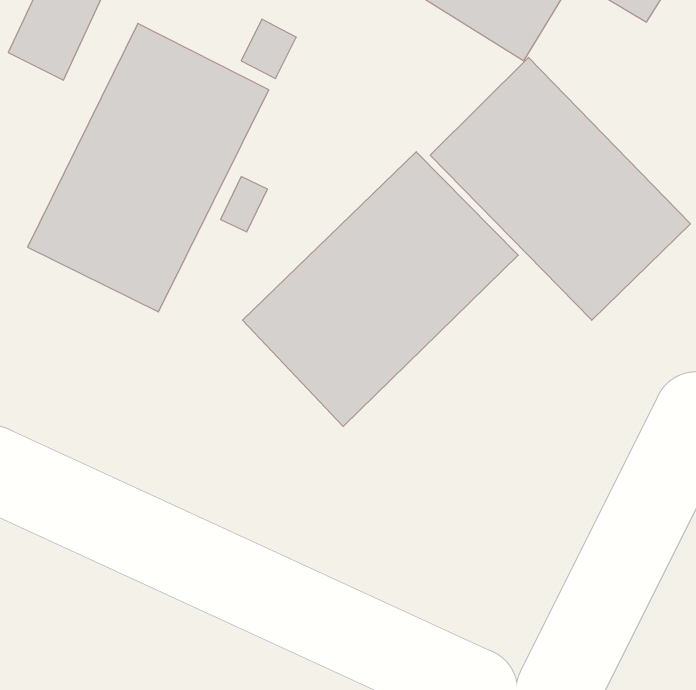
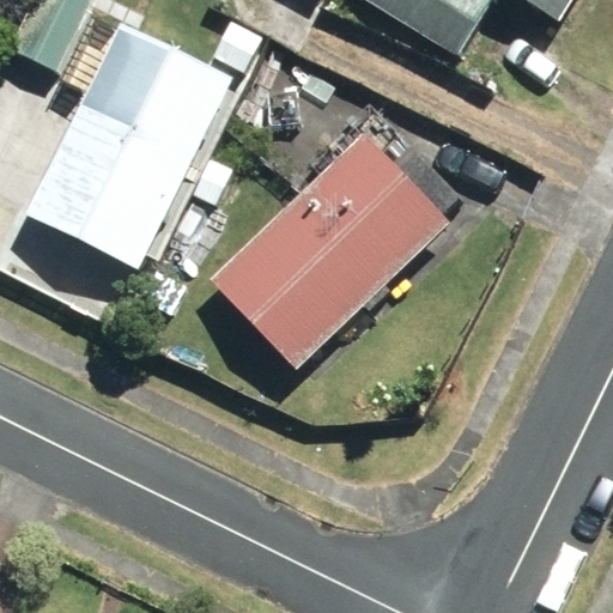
building: [430,57,690,320] -> none

